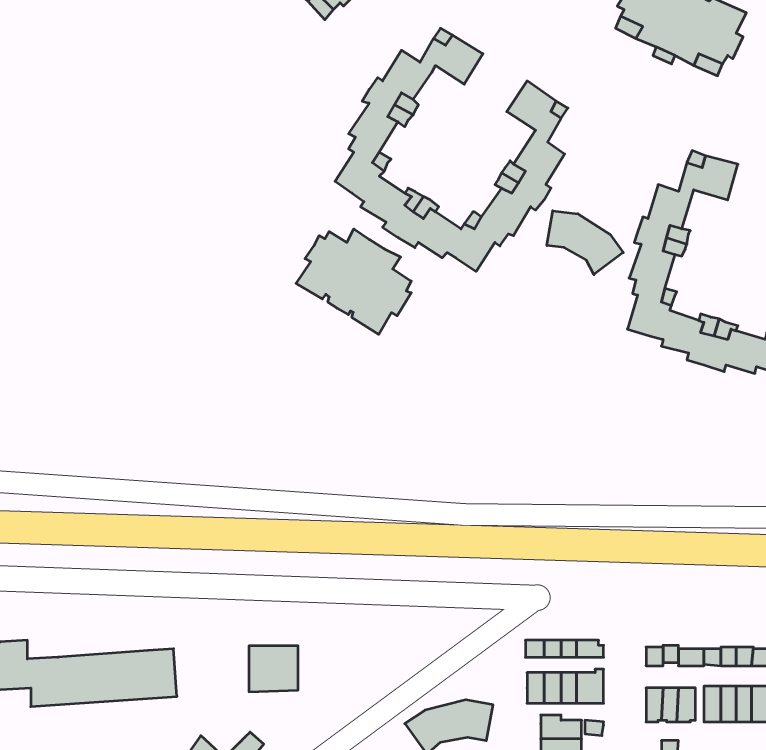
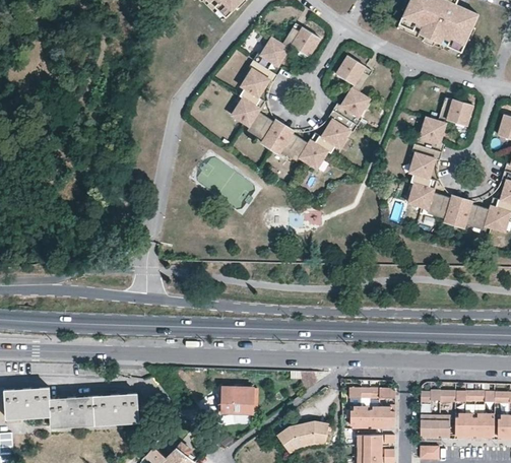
building: [547,211,623,275] -> none
building: [296,229,411,334] -> none
building: [249,646,298,692] -> [221,387,251,414]

